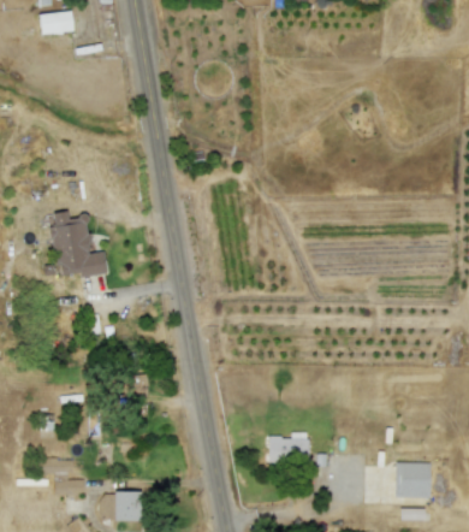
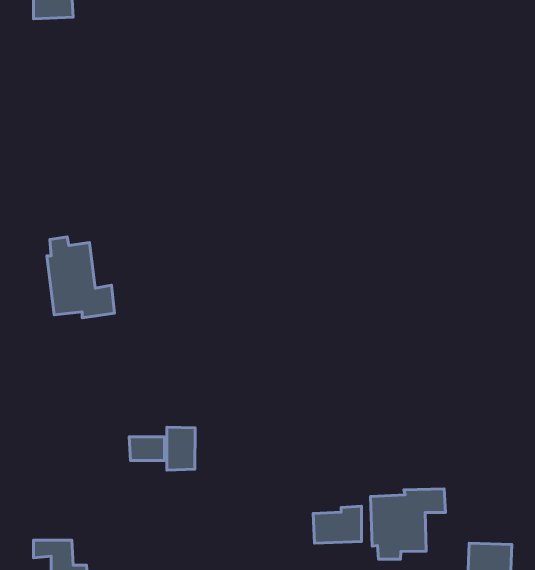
building: none -> [167,427,195,470]
building: none -> [370,489,446,559]

